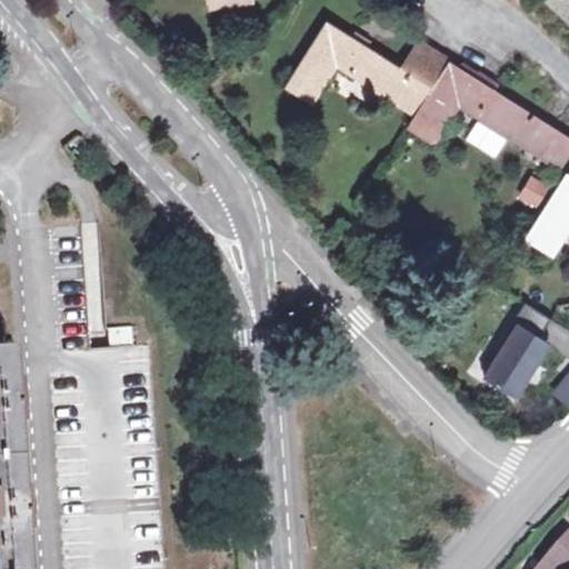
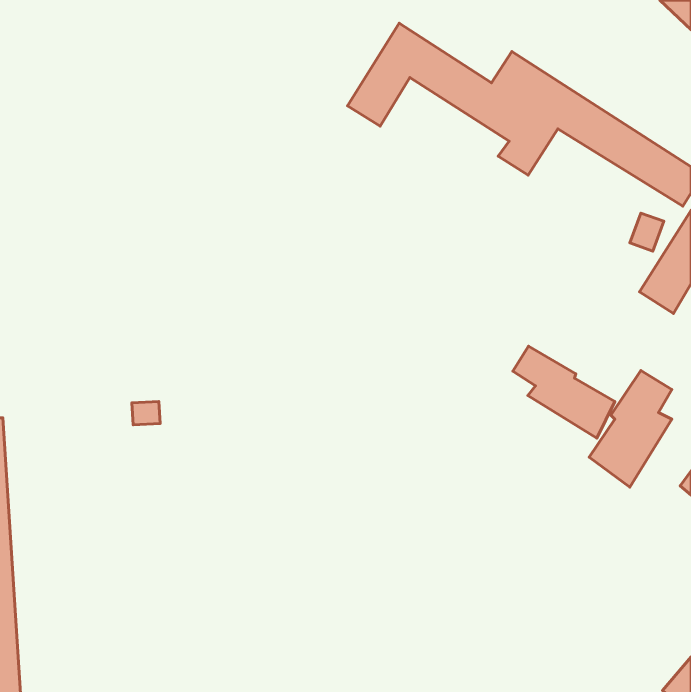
building: none -> [513,346,615,438]

